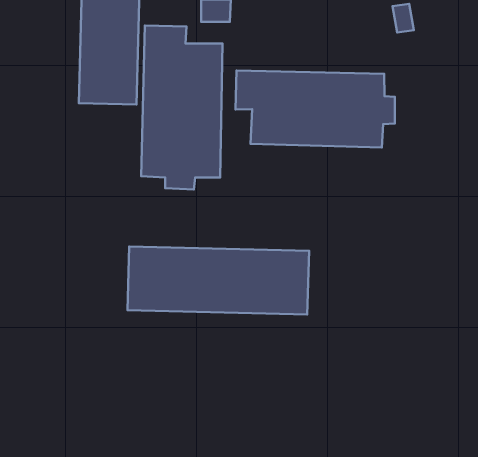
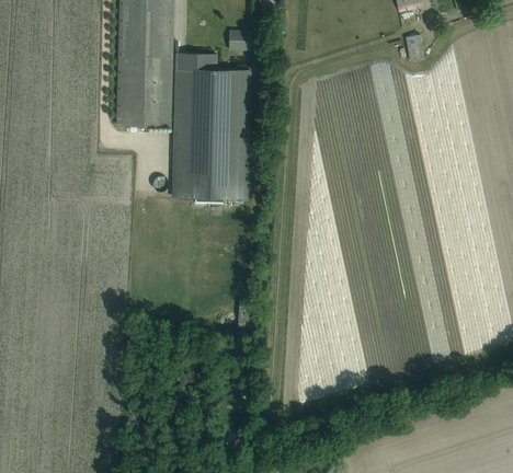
building: [236,70,395,148] -> none
building: [127,246,309,314] -> none

